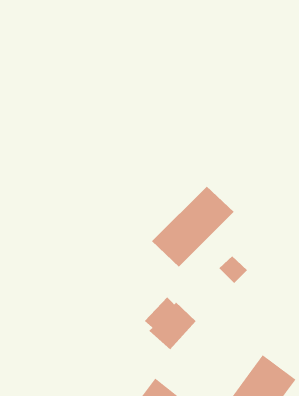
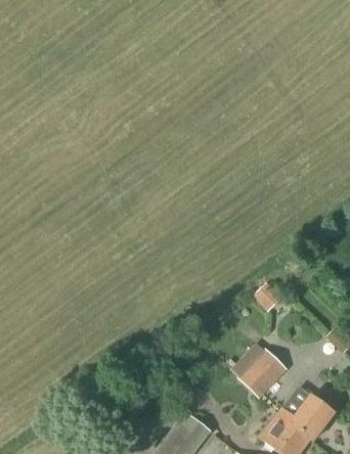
building: [151,186,234,267] -> none
building: [144,297,196,350] -> [232,343,288,399]

